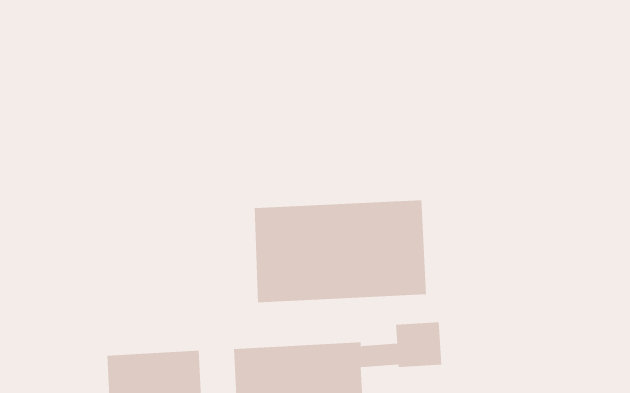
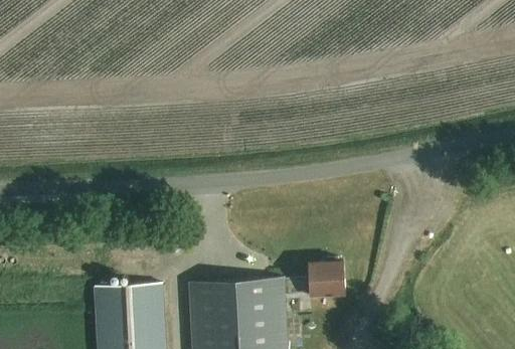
building: [254,199,427,303] -> none

